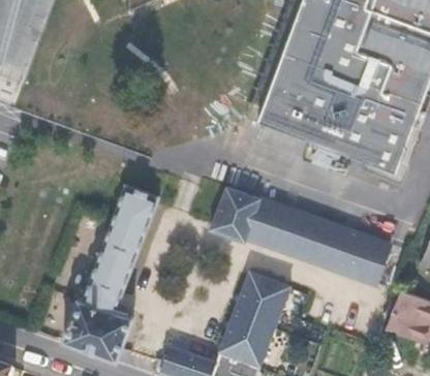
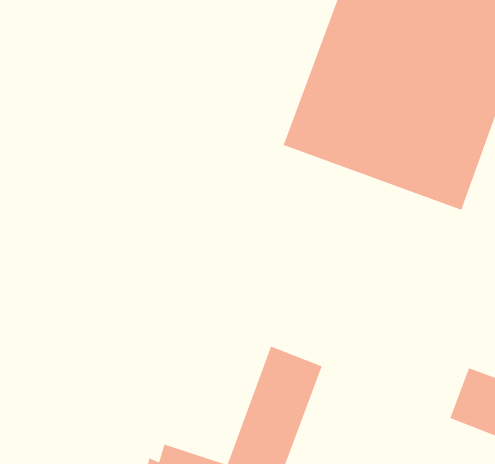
building: [63,182,159,356] -> none
building: [209,186,392,288] -> none

